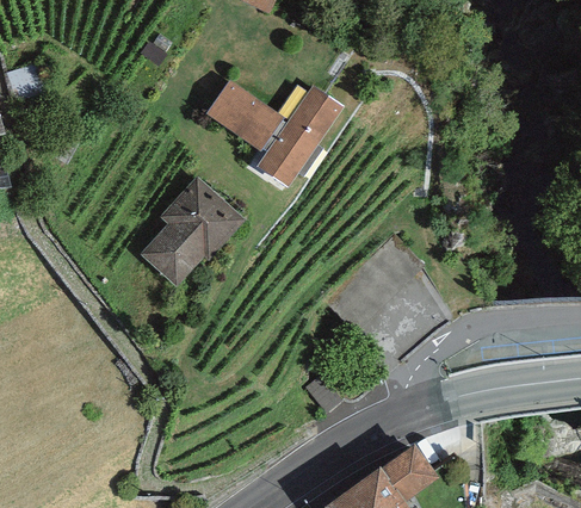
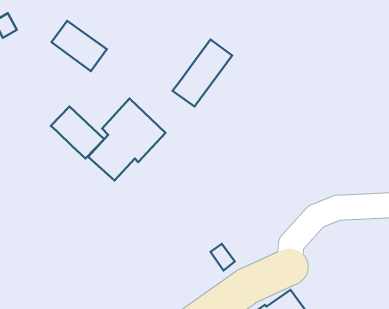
building: [210,86,285,154] -> [51,21,107,71]
building: none -> [51,107,104,159]

